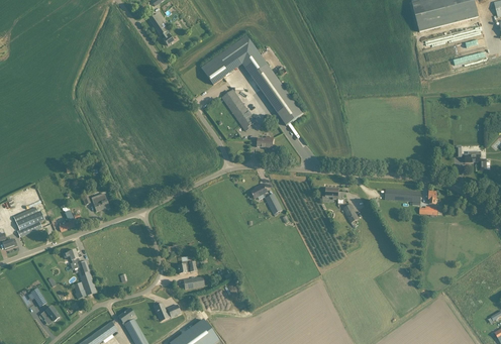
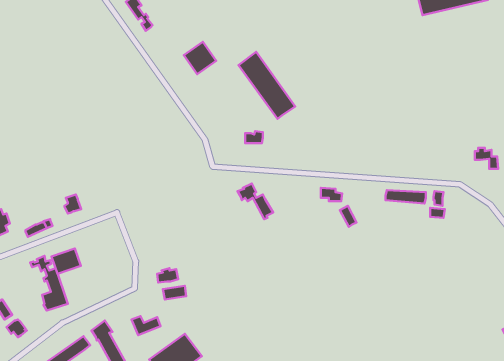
building: [218,33,267,76] -> none
building: [221,88,256,128] -> none
building: none -> [52,248,81,274]

